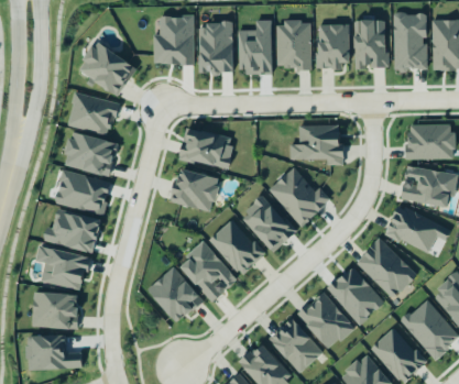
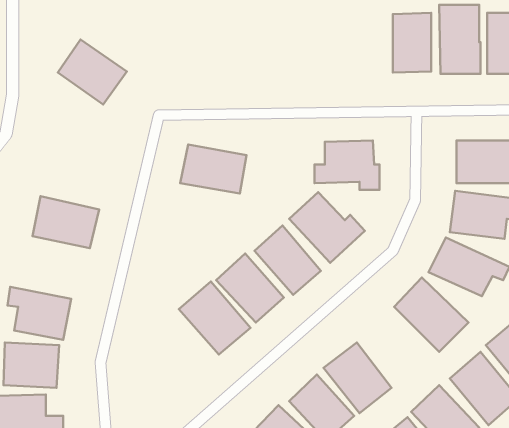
building: [153,15,194,64] -> none
building: [238,20,272,73] -> none
building: [277,21,312,68] -> none
building: [198,23,233,73] -> none
building: [317,23,350,68] -> none
building: [67,91,118,135] -> none
building: [63,131,117,176] -> none
building: [170,167,220,212] -> none
building: [43,211,99,250] -> none
building: [147,266,203,323] -> none
building: [326,266,384,325] -> none

